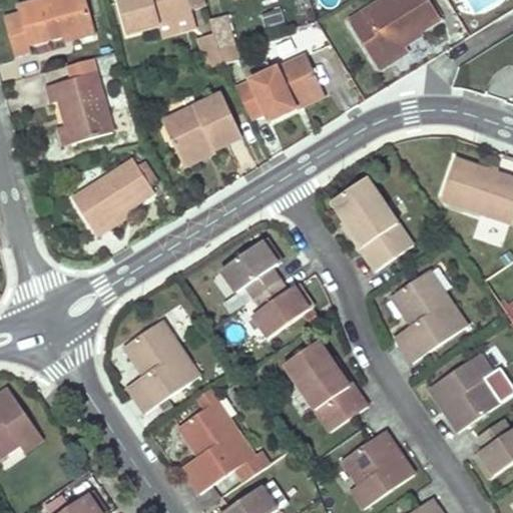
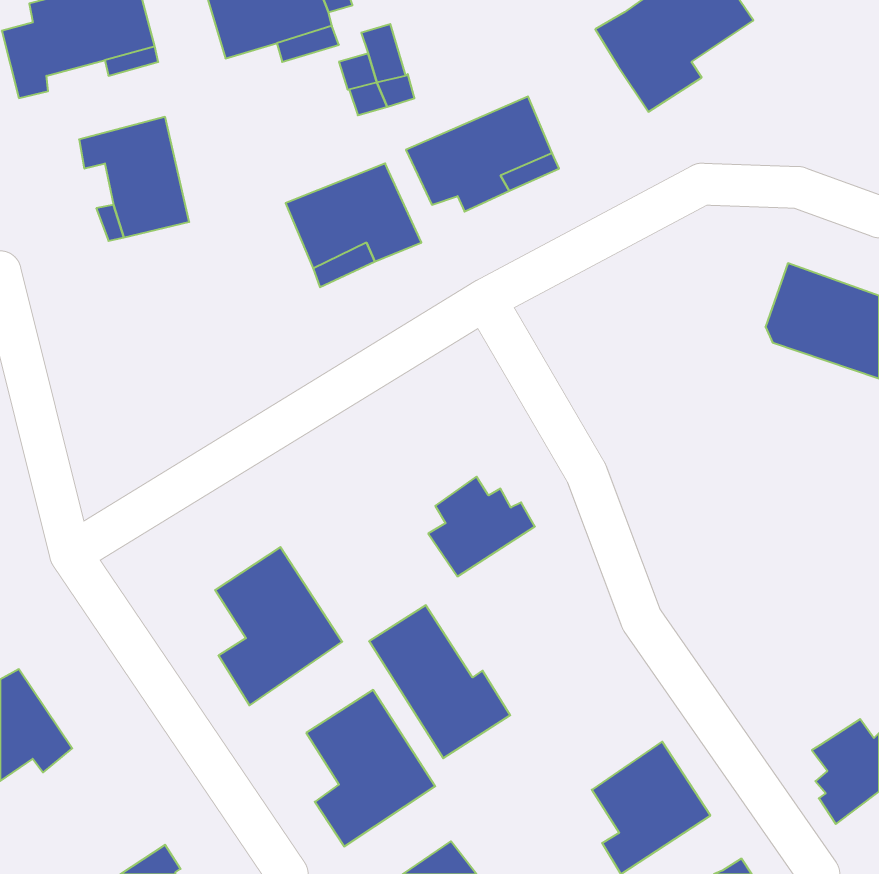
building: [71,156,152,231] -> none
building: [330,178,408,270] -> none
building: [222,236,280,295] -> none
building: [388,270,462,360] -> none
building: [286,342,368,431] -> [369,605,510,758]
building: [427,355,499,432] -> none

